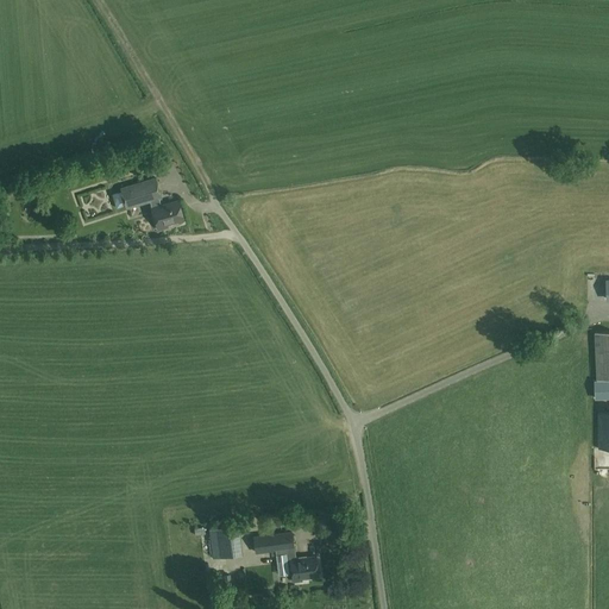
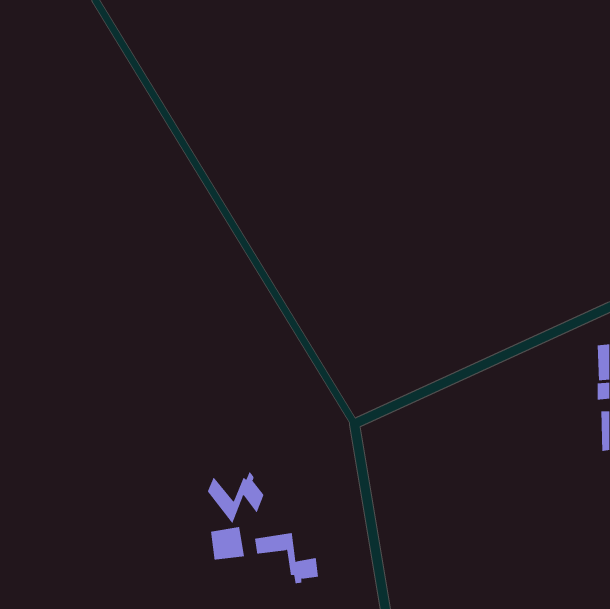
building: [112,178,184,231] -> none
building: none -> [207,471,264,524]

